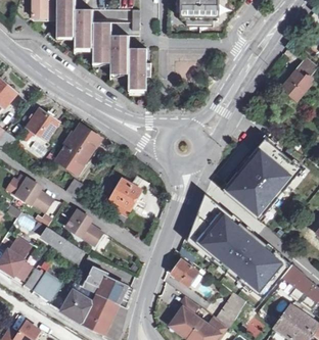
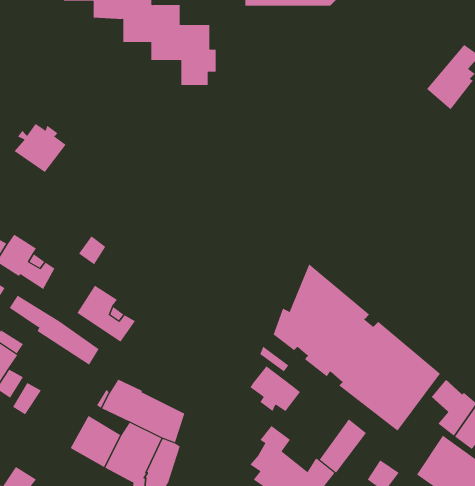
building: [56,124,100,172] -> none
building: [225,140,299,217] -> none
building: [109,178,143,213] -> none
building: [33,272,60,300] -> none

